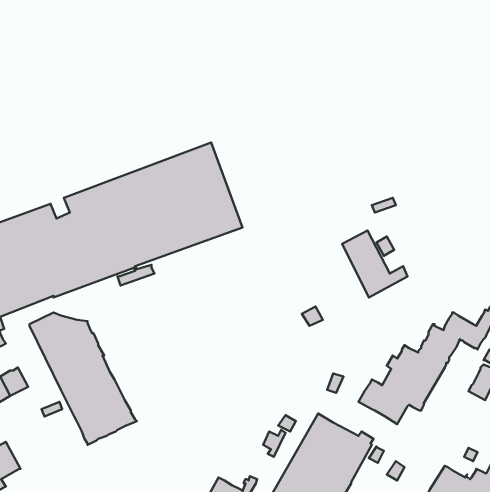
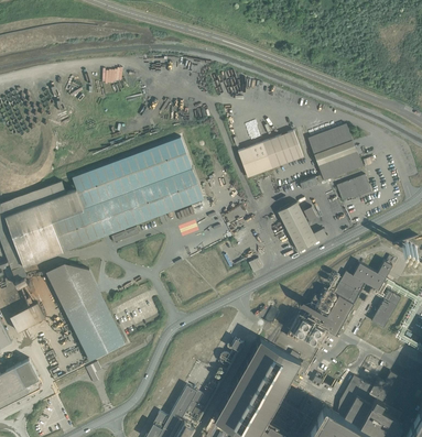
building: none -> [307,125,361,182]
building: none -> [237,131,303,178]
building: none -> [336,175,371,201]

